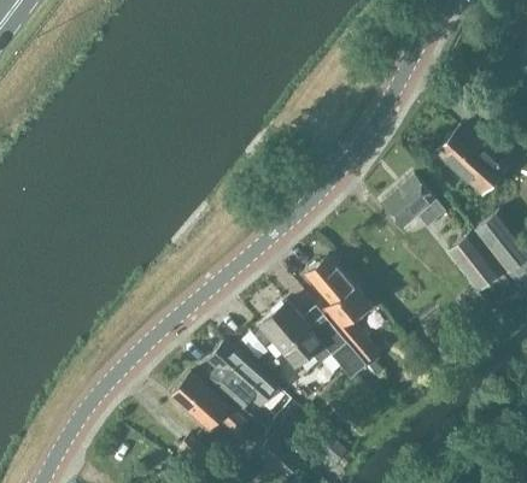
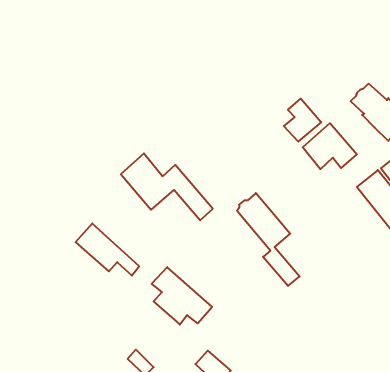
building: none -> [284,99,321,142]
building: [260,304,367,381] -> [121,153,213,220]
building: [171,376,245,436] -> [76,223,139,276]

